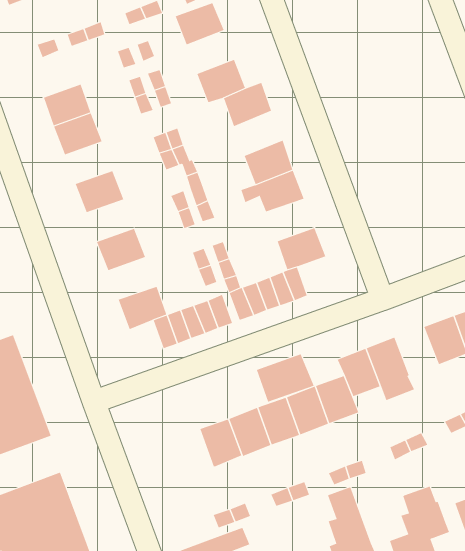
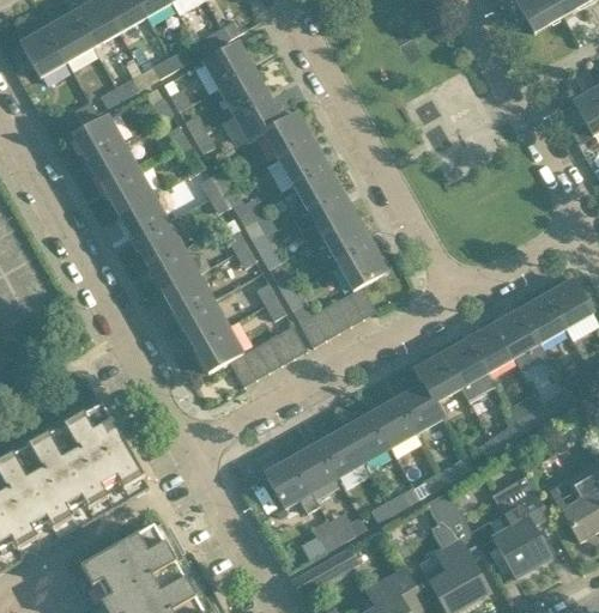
building: none -> [218,67,267,114]
building: none -> [72,115,122,160]
building: none -> [277,138,327,186]
building: none -> [117,194,167,239]
building: none -> [321,218,371,263]
building: none -> [147,247,196,292]
building: none -> [177,299,228,345]
building: none -> [466,323,513,372]
building: [256,353,315,402] -> none
building: none -> [265,457,319,512]

